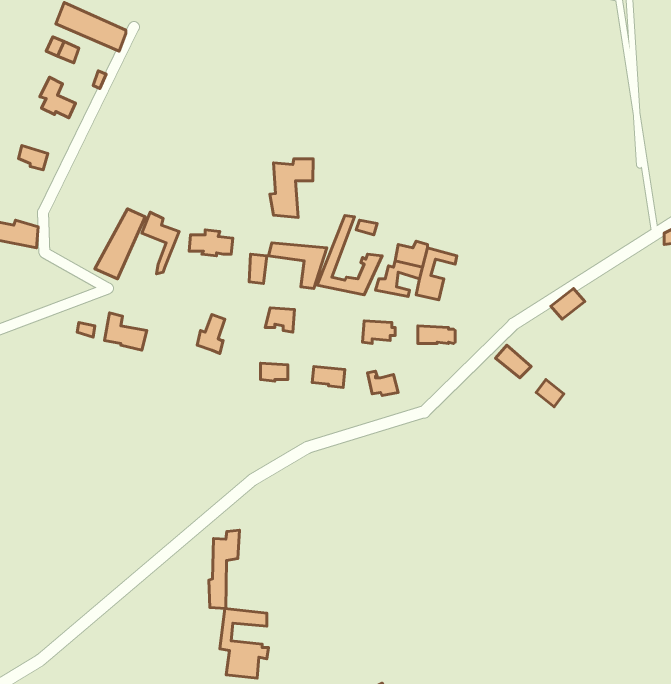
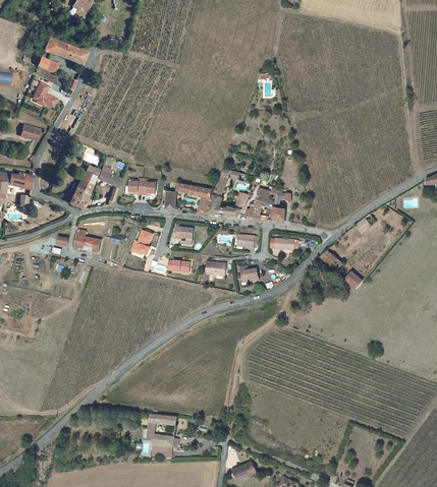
building: [270,159,313,218] -> none
building: [209,530,240,608] -> none

